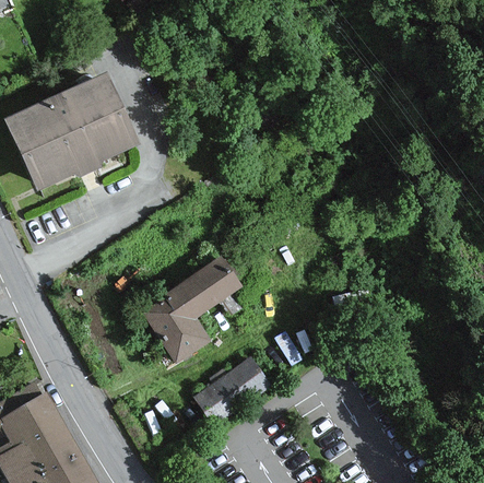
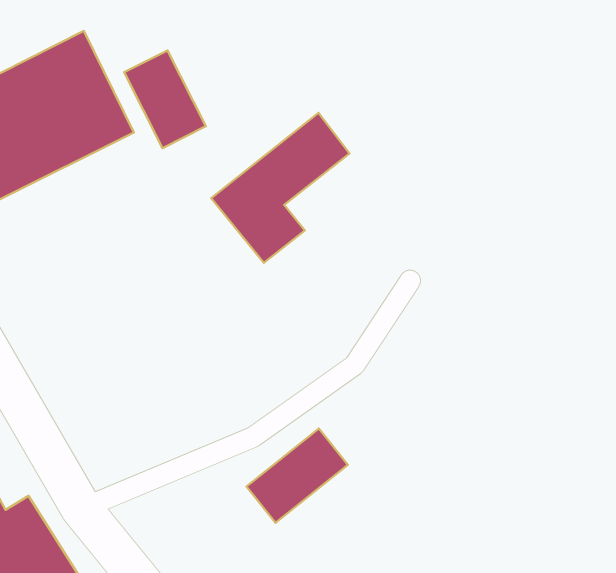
building: none -> [124,50,206,148]
building: [144,258,241,360] -> [211,113,349,263]

